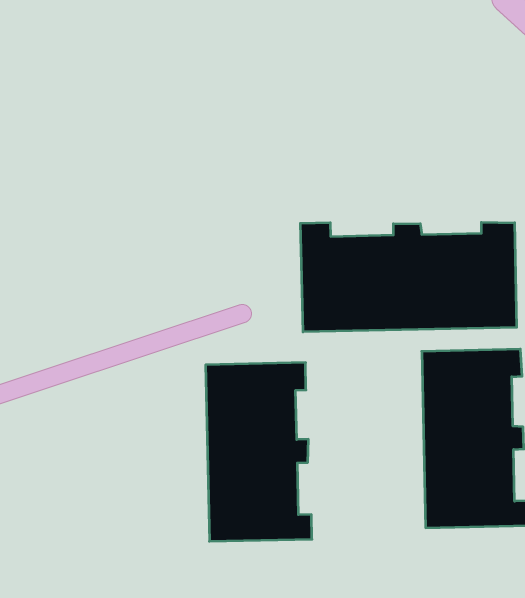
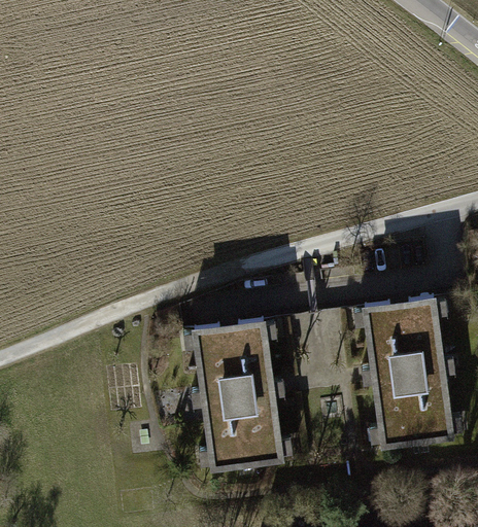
building: [300,222,517,332] -> none

